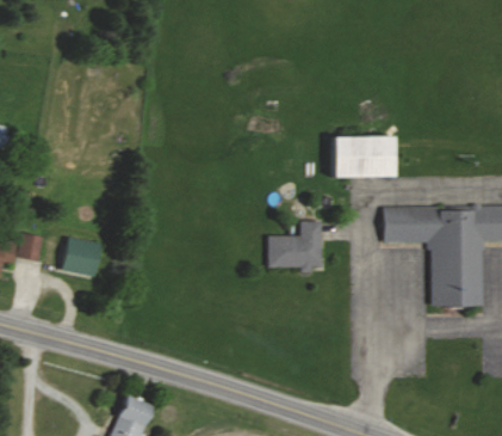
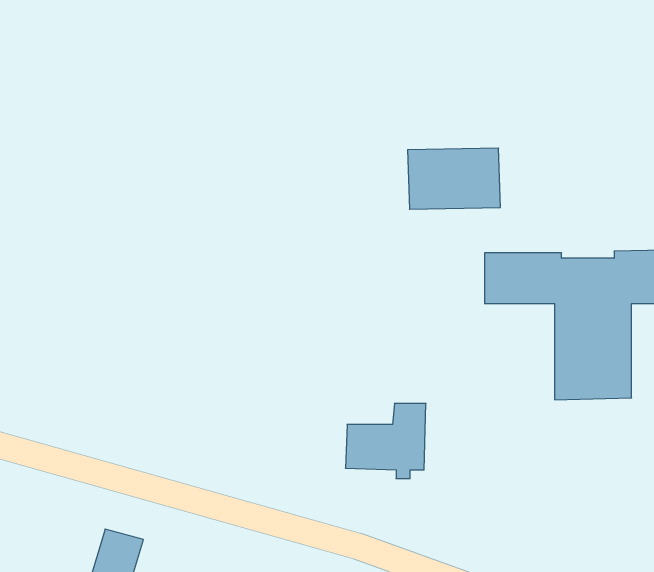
building: [267,221,322,272] -> [345,403,426,479]
building: [61,235,101,277] -> none

